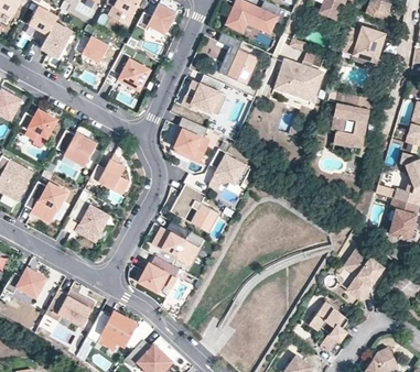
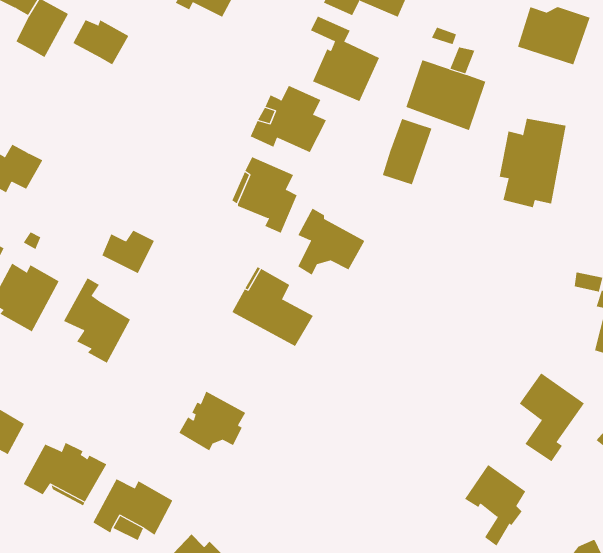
building: [110,52,149,90] -> none
building: none -> [382,118,432,185]
building: [55,130,96,166] -> none
building: [153,223,200,267] -> none

